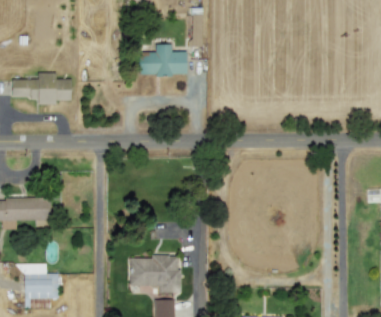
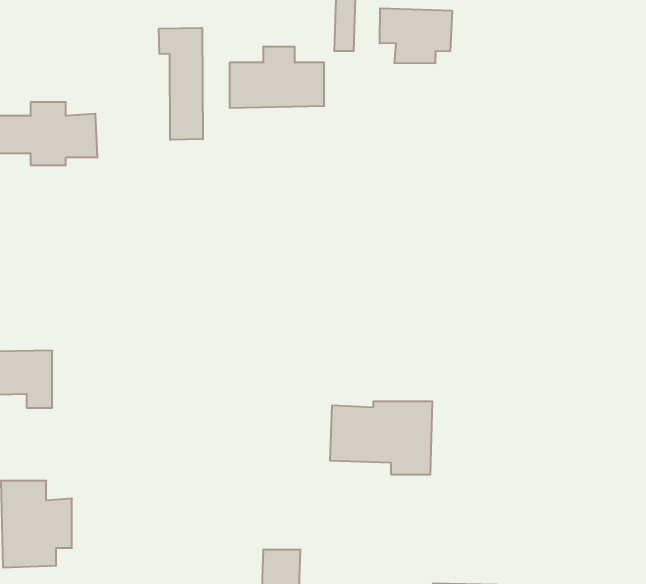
building: none -> [380,8,452,63]
building: none -> [159,28,203,140]
building: [129,255,181,292] -> [330,401,432,474]

